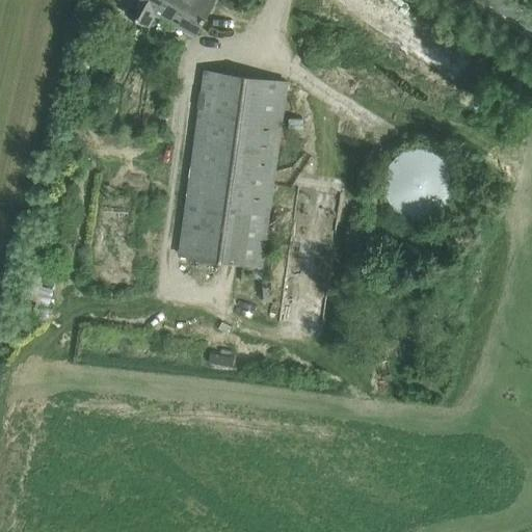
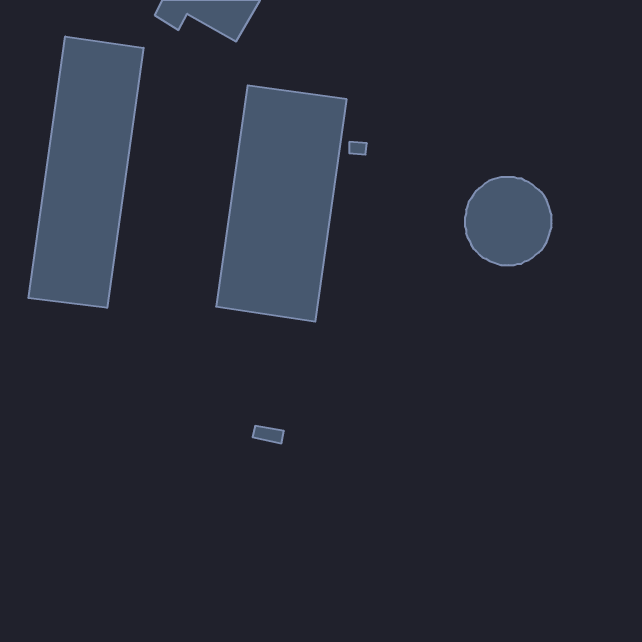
building: none -> [28,36,144,308]

